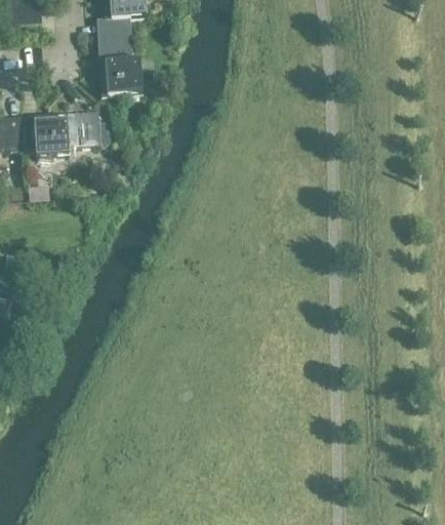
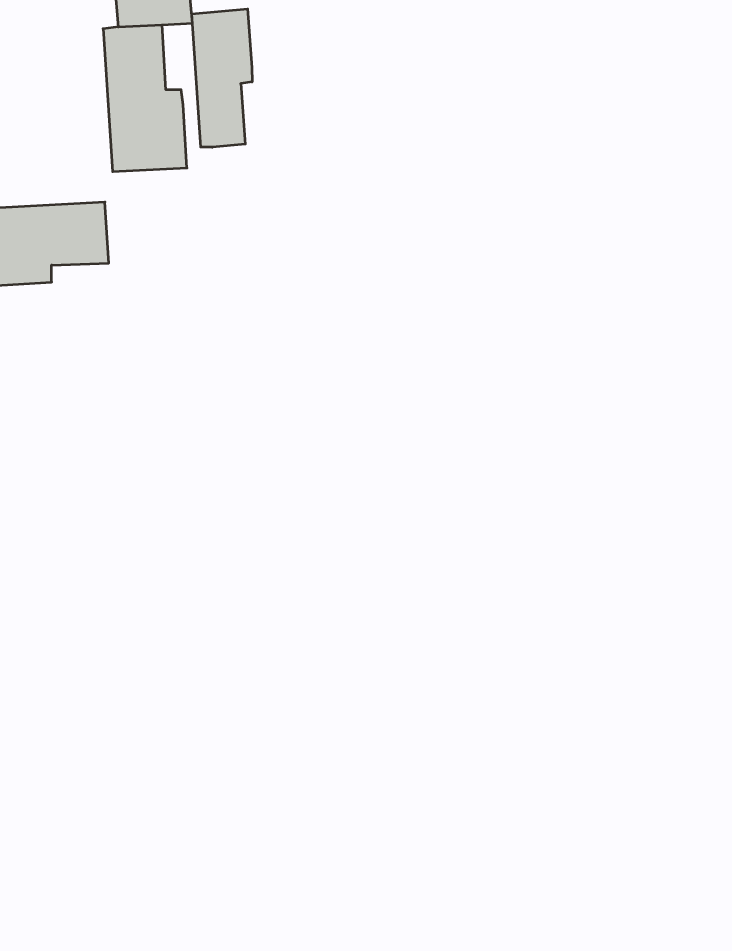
building: none -> [192,9,252,147]

